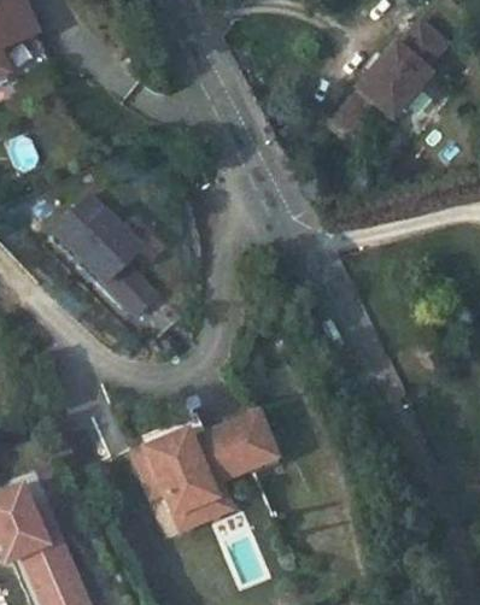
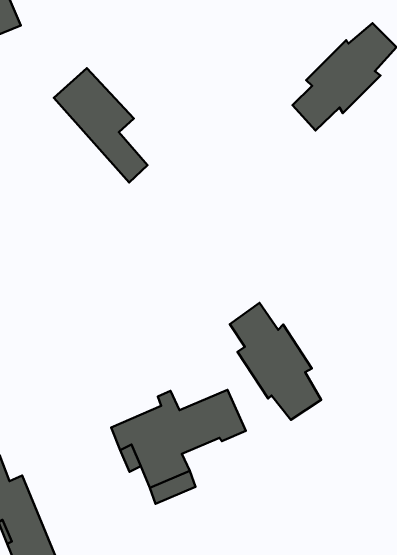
building: [53,199,152,319] -> [54,68,147,182]
building: none -> [230,303,321,420]

